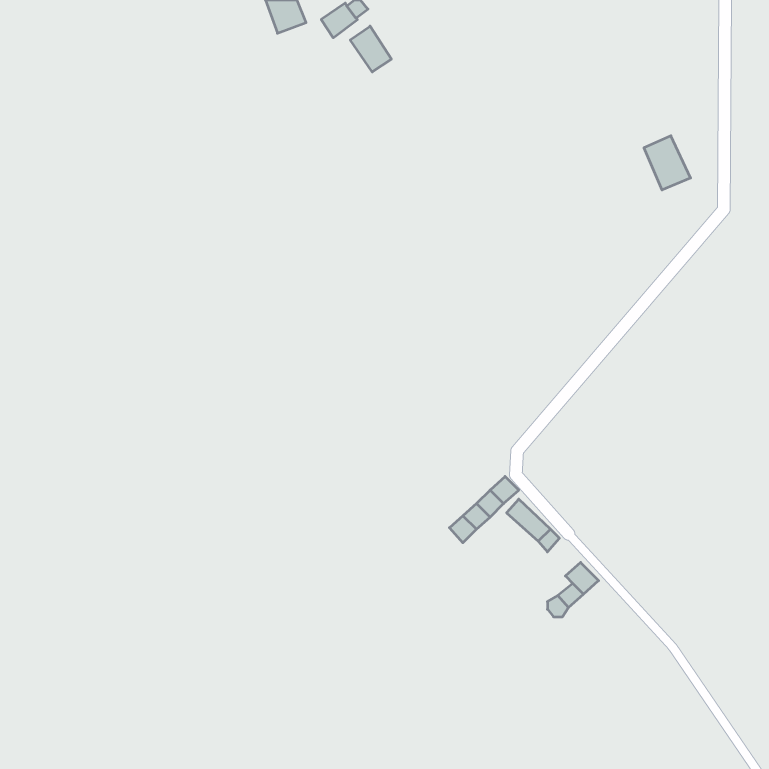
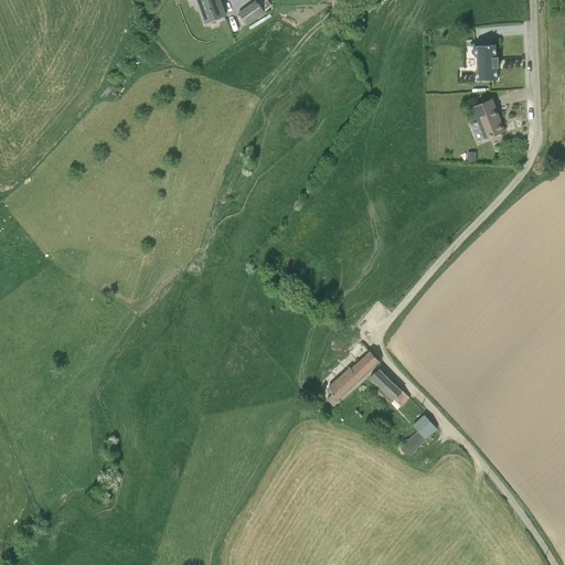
building: [350,26,391,72] -> none
building: none -> [473,45,497,83]

